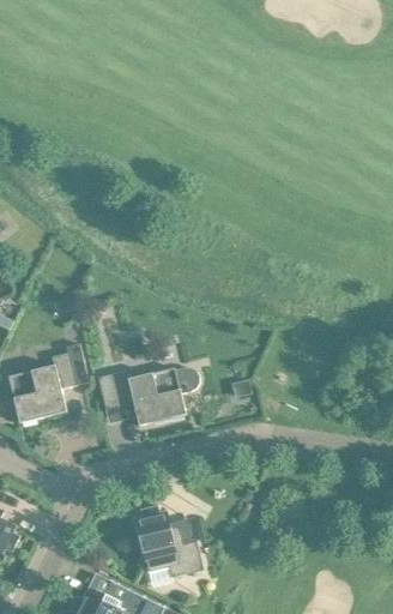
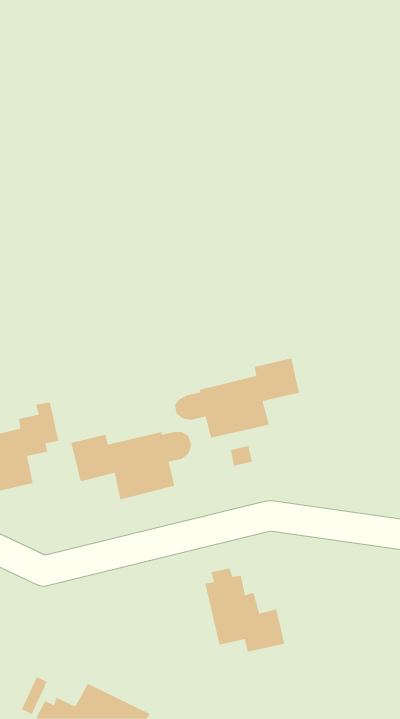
building: none -> [174,358,300,438]
building: [135,506,204,578] -> [205,568,285,652]

